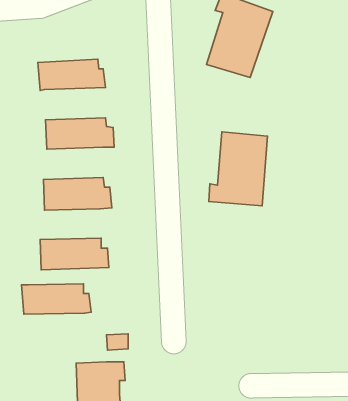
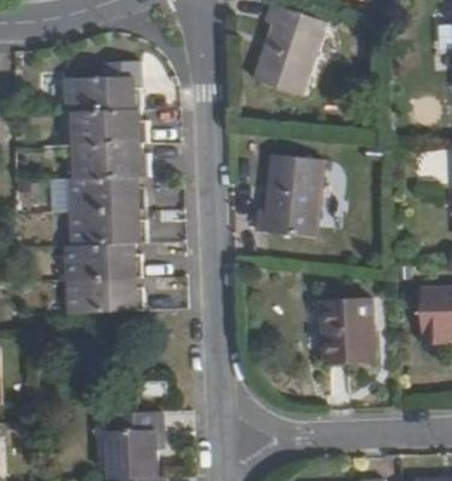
building: none -> [73,105,149,142]
building: none -> [70,172,145,208]
building: none -> [319,299,372,366]
building: [22,284,91,314] -> [65,241,143,275]

